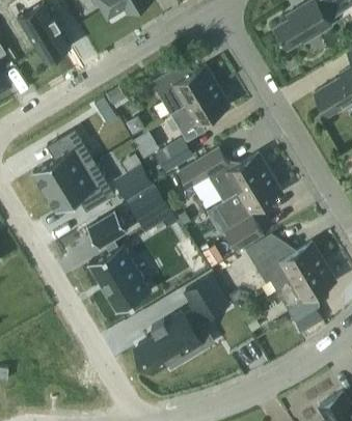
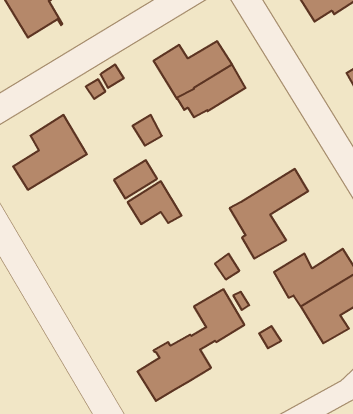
building: [156,137,193,172] -> none
building: [178,148,269,202] -> none
building: [44,162,114,212] -> none
building: [86,212,150,312] -> none

